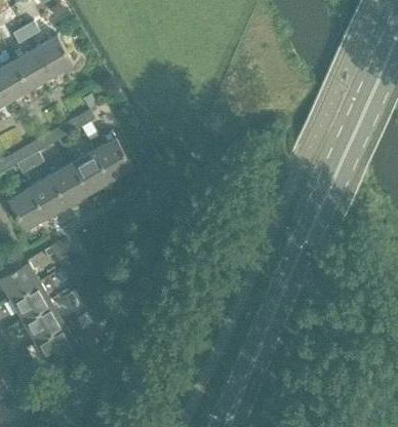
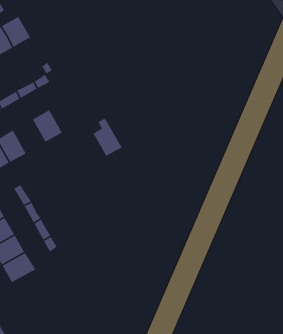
building: [93,132,130,181] -> [92,117,123,157]
building: [49,164,88,206] -> none

